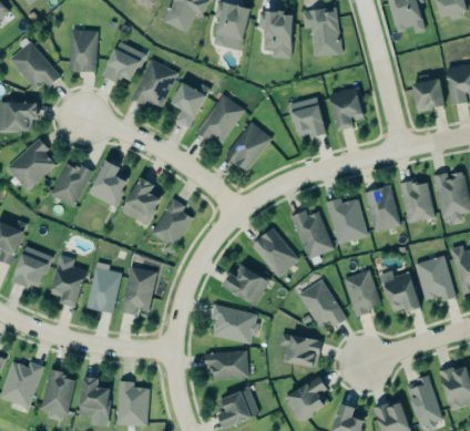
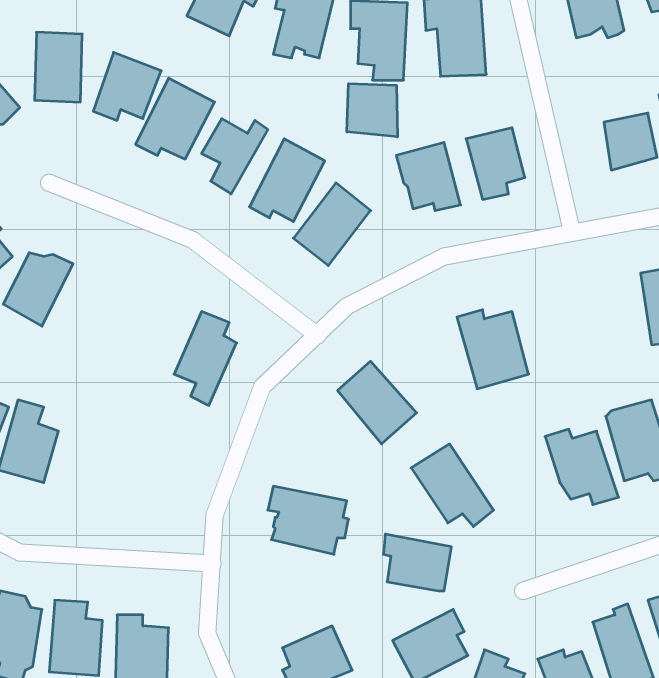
building: none -> [347,84,397,137]
building: [91,161,126,206] -> none
building: [121,177,160,225] -> none
building: [400,179,436,224] -> none
building: [366,186,400,233] -> none
building: [289,209,334,259] -> none
building: [85,266,121,312] -> none
building: [222,266,269,305] -> none
building: [121,267,157,316] -> none
building: [343,269,379,317] -> none
building: [206,349,248,380] -> none

